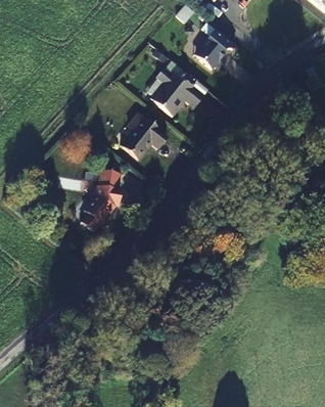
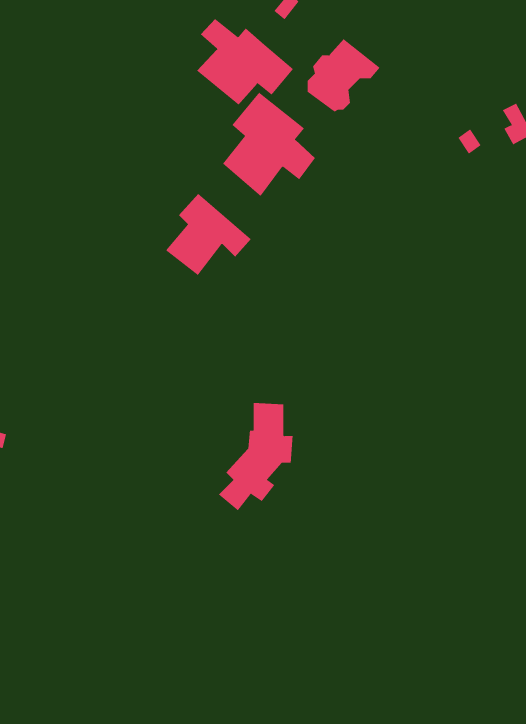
building: none -> [196,18,294,105]
building: [83,168,125,228] -> [218,402,293,511]

